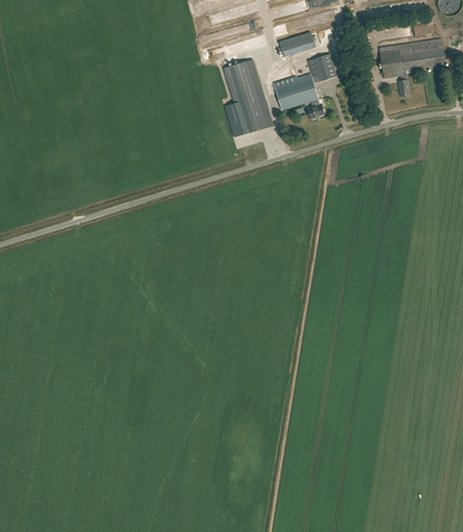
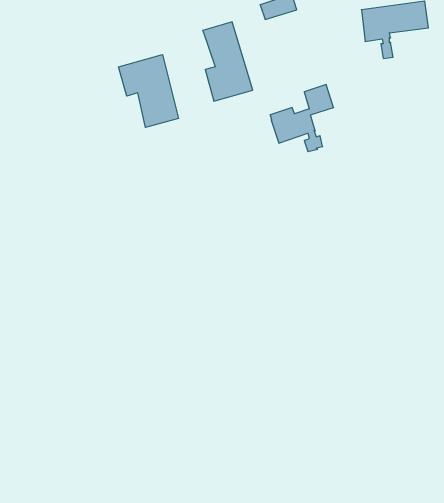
building: [274,53,336,118] -> [270,85,334,152]
building: none -> [118,55,179,127]

